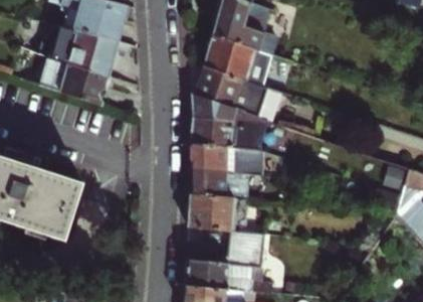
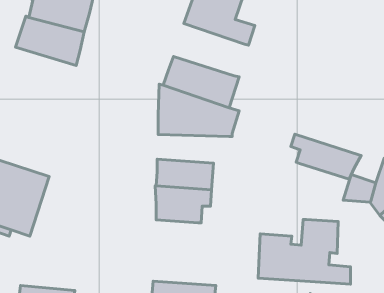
building: [204,34,273,86] -> none
building: [40,57,116,105] -> none
building: none -> [291,134,361,179]
building: [188,143,259,172] -> none
building: [184,230,274,293] -> [258,220,350,284]

